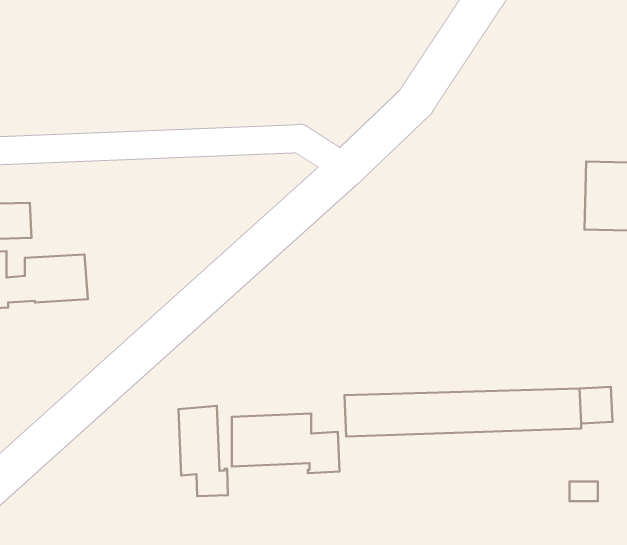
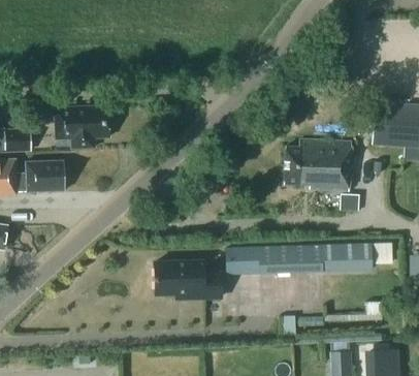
building: none -> [54,105,108,148]
building: none -> [285,142,352,193]
building: [178,406,228,496] -> none

